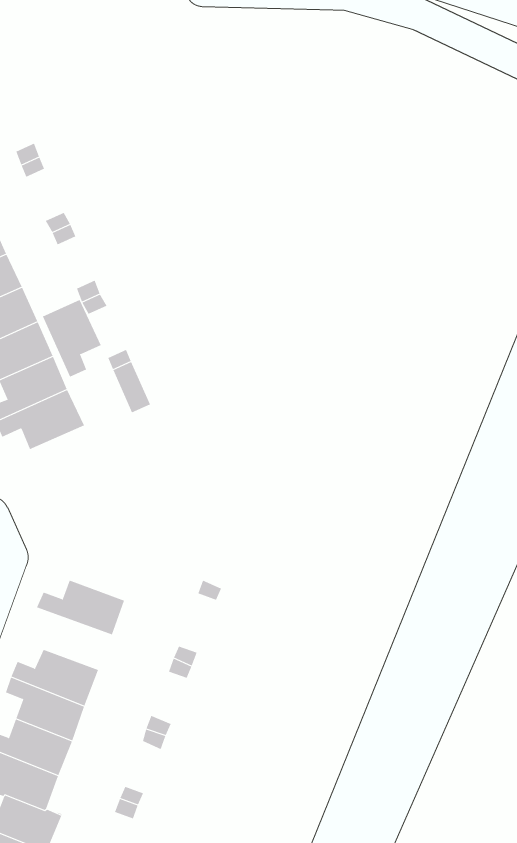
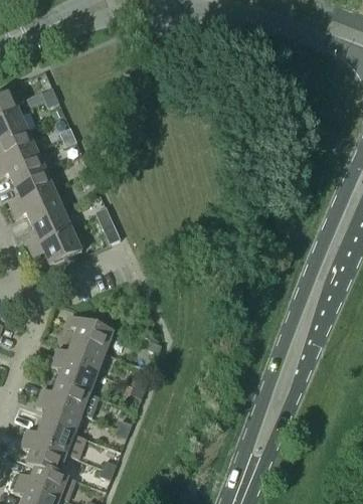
building: [42,299,102,378] -> none
building: none -> [65,315,113,352]
building: none -> [50,356,98,392]

